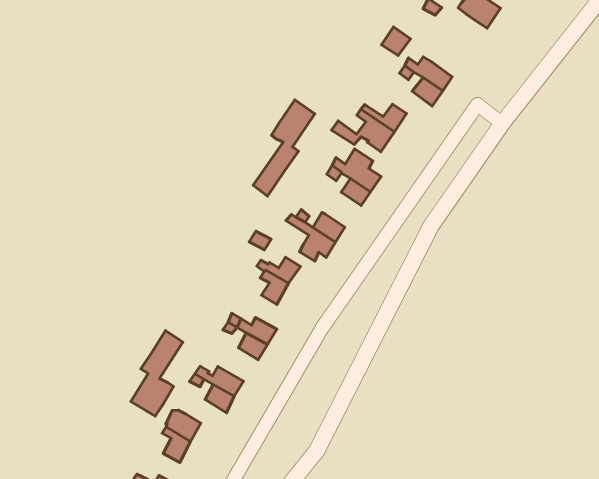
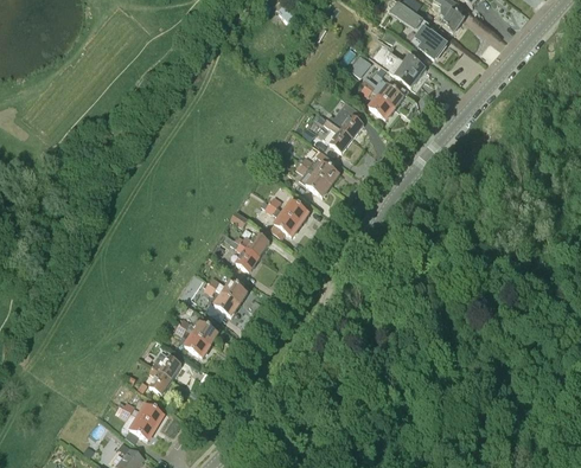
building: none -> [389,55,429,91]
building: [253,100,315,196] -> none
building: [131,331,183,416] -> none

